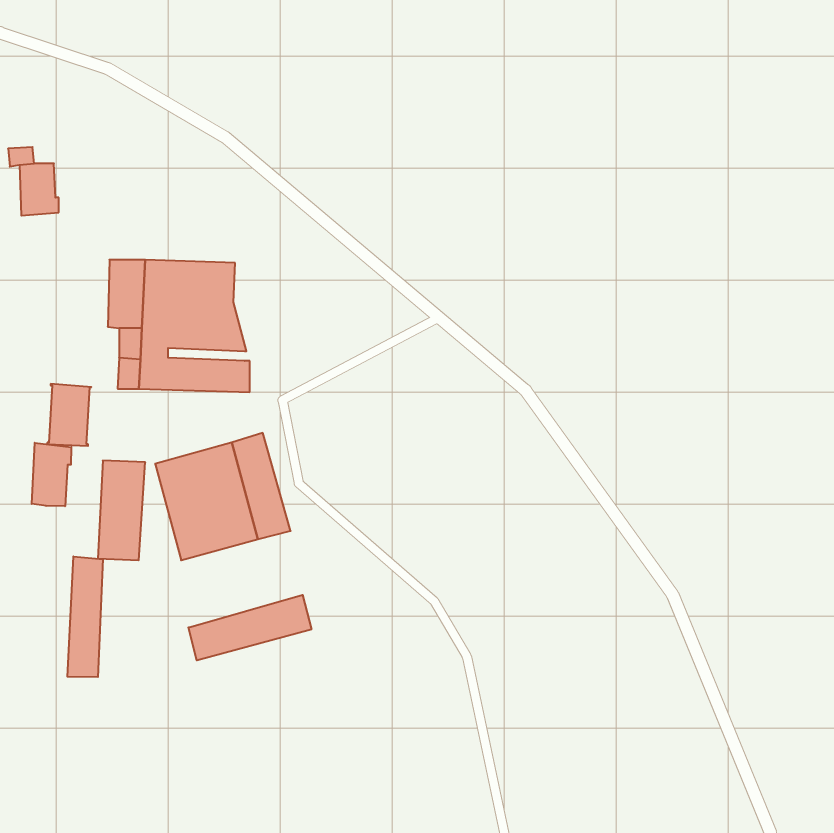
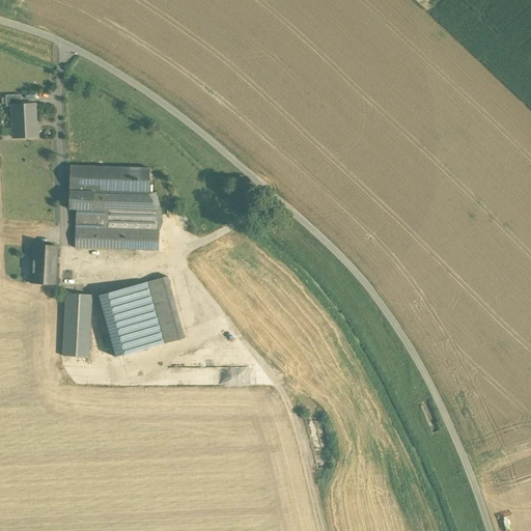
building: [32,443,71,506] -> none
building: [67,556,103,677] -> none
building: [188,595,311,660] -> none

